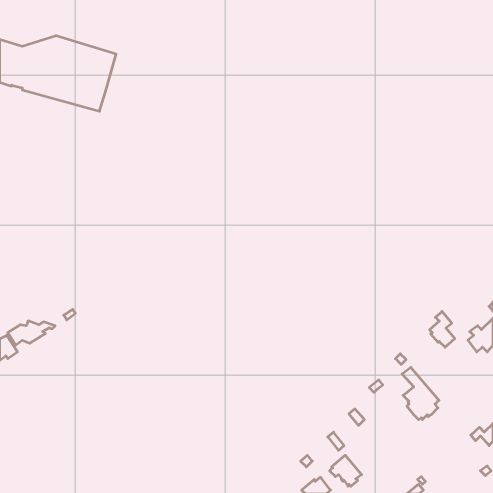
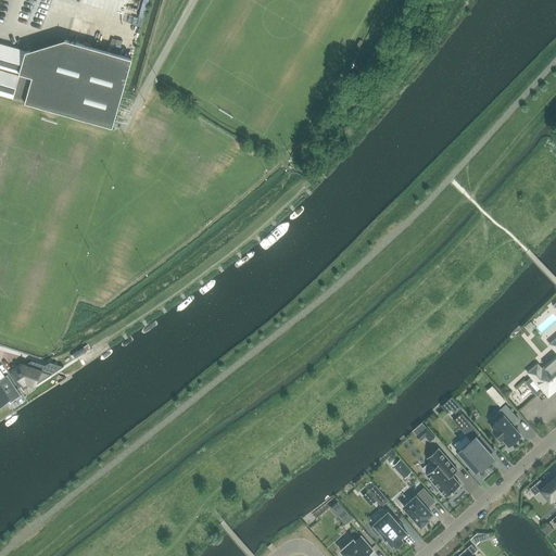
building: [430,311,455,347] -> [491,406,519,446]
building: none -> [425,448,459,498]
building: none -> [403,490,433,527]

